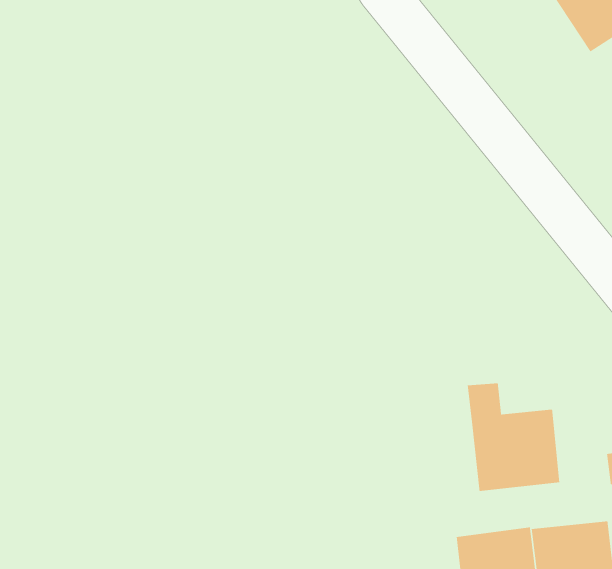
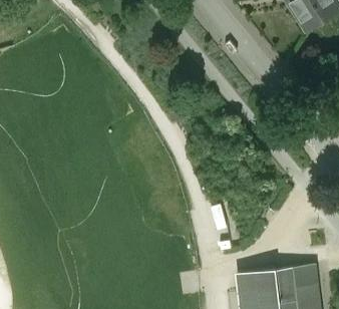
building: [467,382,560,492] -> none

